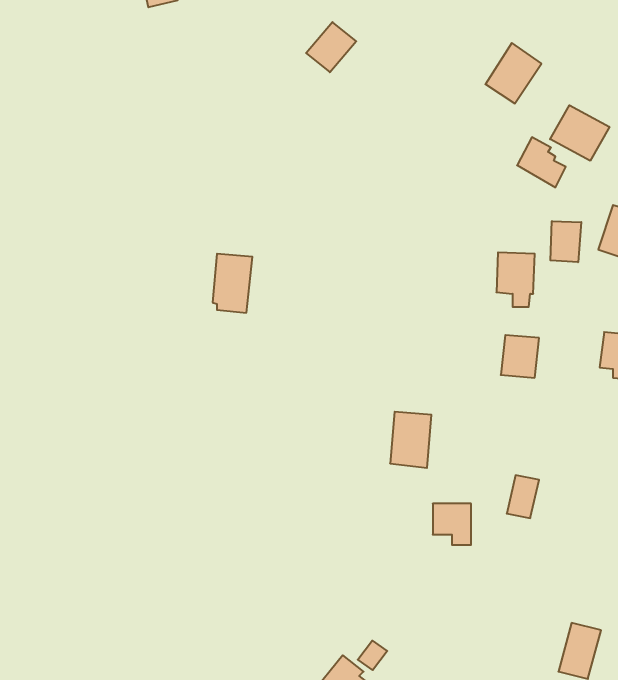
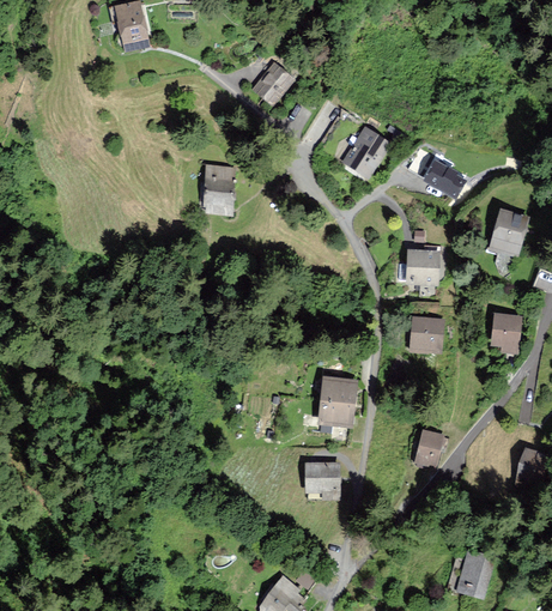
building: [485,43,541,103] -> [344,127,389,176]
building: [550,105,609,161] -> none
building: [550,221,581,262] -> none
building: [213,254,252,313] -> [202,165,235,213]
building: [433,504,471,545] -> [307,464,338,497]

